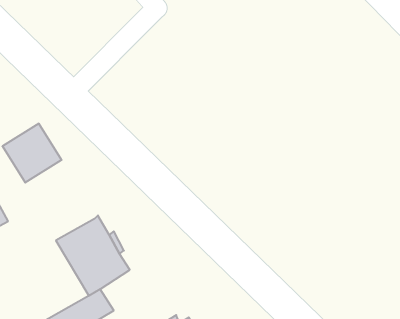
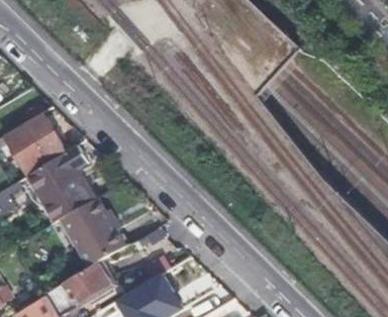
building: none -> [30,144,93,219]

